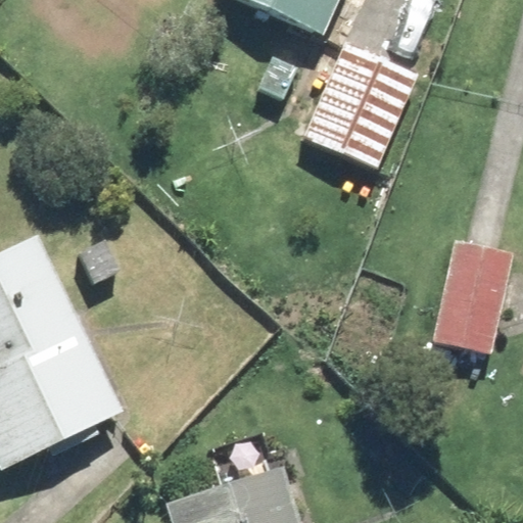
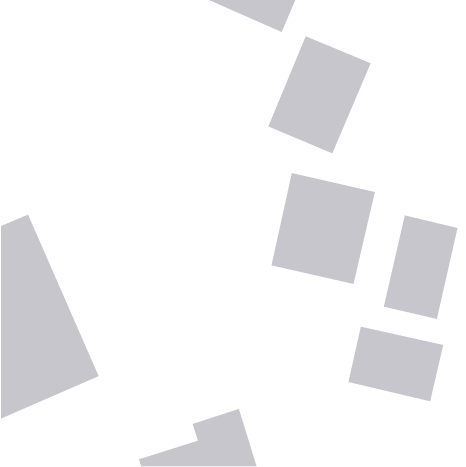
building: none -> [270,172,376,285]
building: none -> [348,326,444,402]

